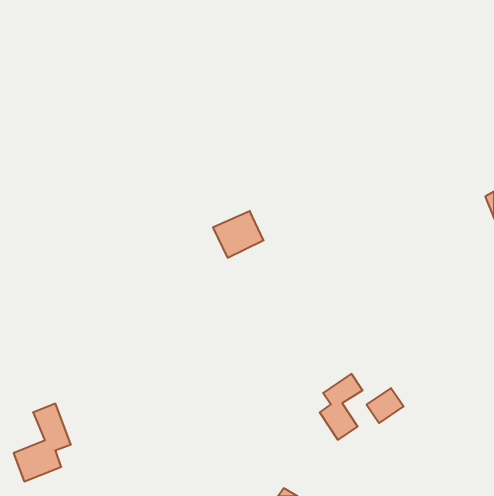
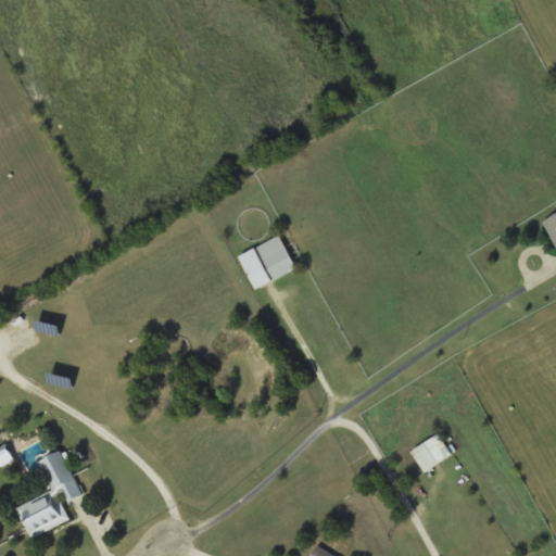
building: [320,374,363,440] -> none

